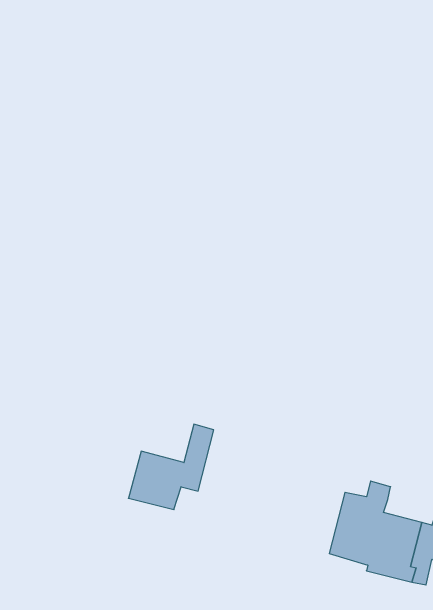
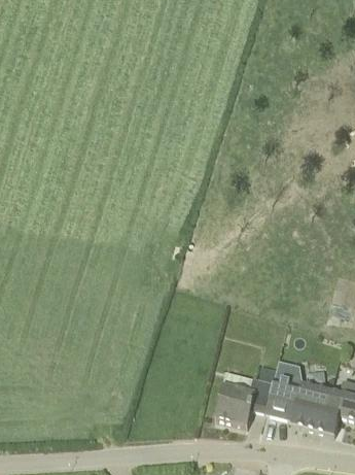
building: [128,424,214,510] -> [216,371,278,433]

